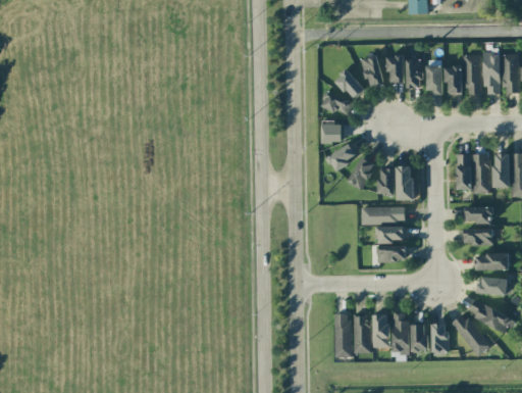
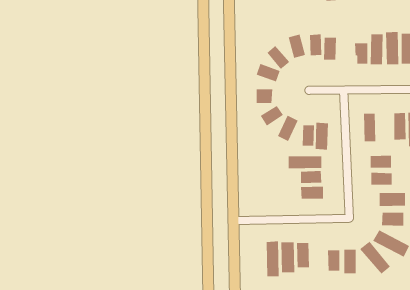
building: [427,65,442,95] -> none
building: [473,154,489,193] -> none
building: [392,312,409,353] -> none

